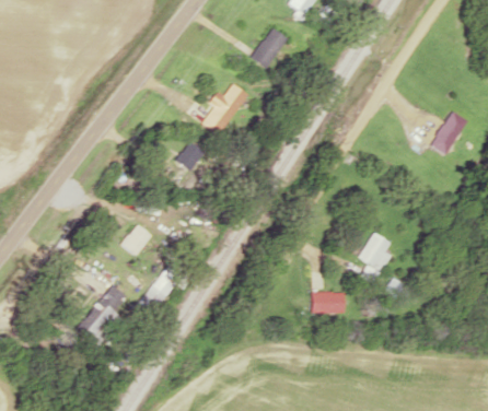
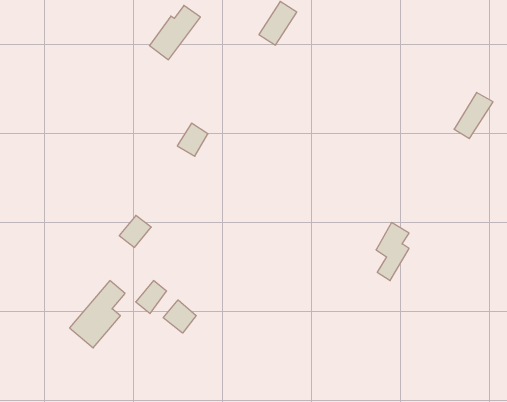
building: [201,83,248,133] -> [149,5,200,60]
building: [313,292,345,313] -> none
building: none -> [163,300,196,333]

